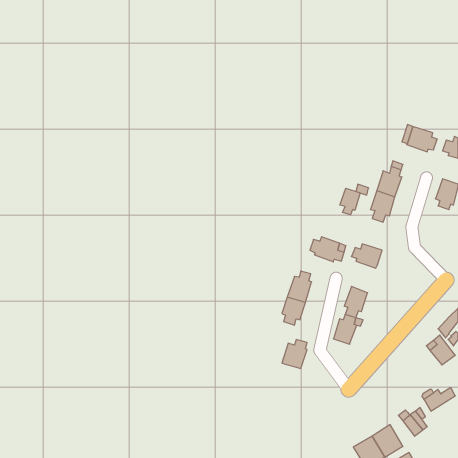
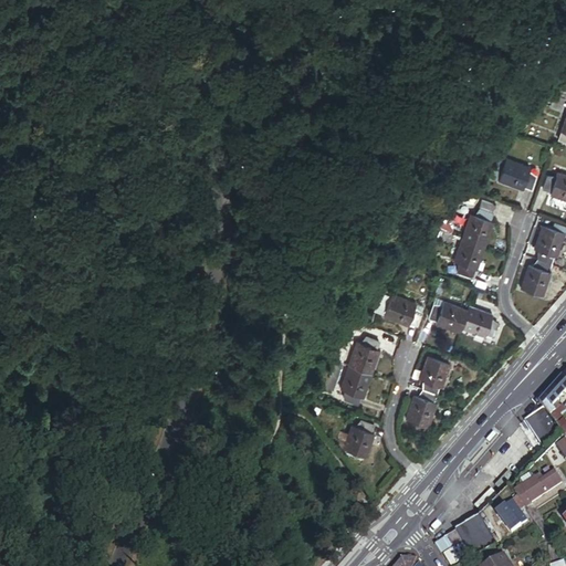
building: [340,188,360,215] -> none
building: none -> [520,256,549,295]
building: none -> [462,306,497,343]

